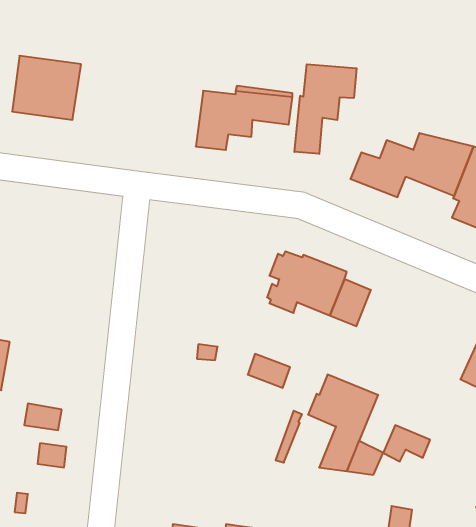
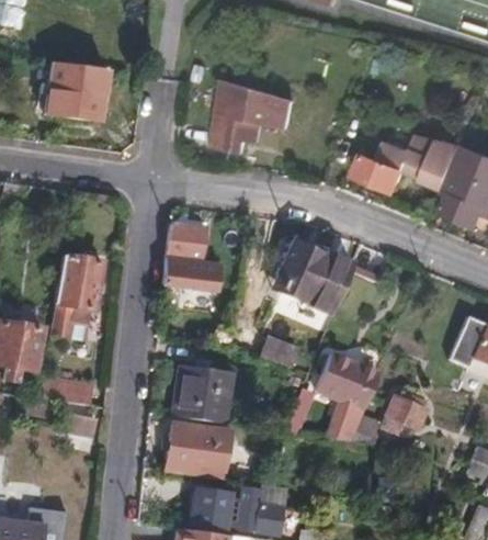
building: [294,64,357,154] -> none
building: none -> [167,215,206,290]
building: none -> [52,258,101,337]
building: none -> [175,364,236,423]
building: none -> [167,423,227,476]

